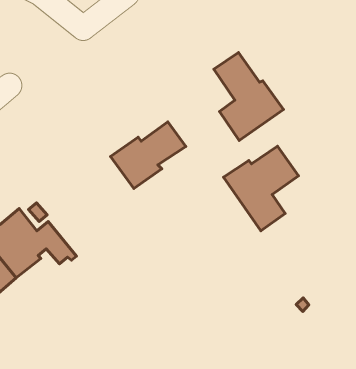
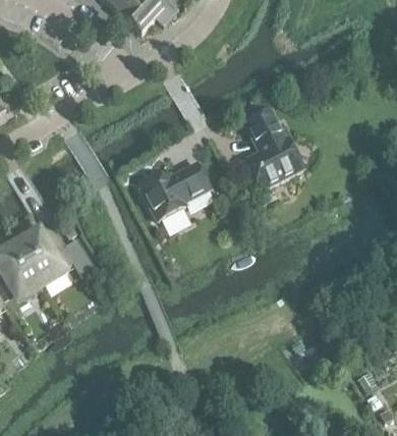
building: [223,146,298,231] -> none

